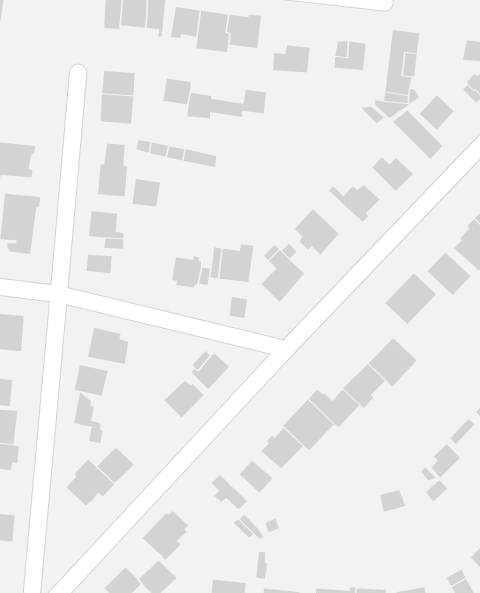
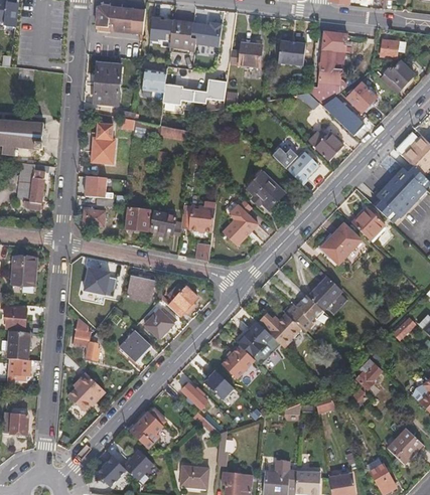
building: [131,179,161,207] -> [126,207,149,229]
building: [74,364,108,396] -> [128,275,155,300]
building: [97,447,135,484] -> [120,331,150,360]

